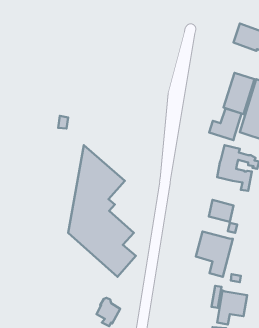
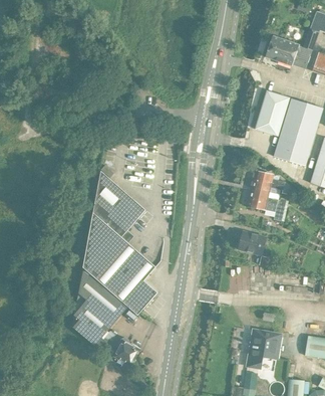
building: [209,108,242,140] -> none
building: [196,231,233,277] -> none
building: none -> [72,269,126,351]

